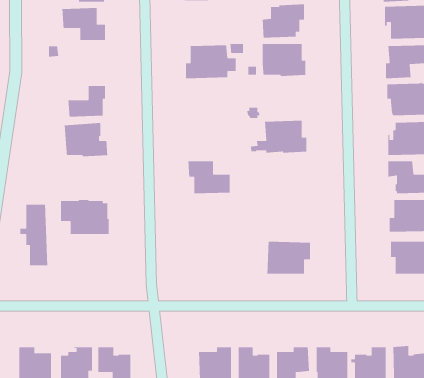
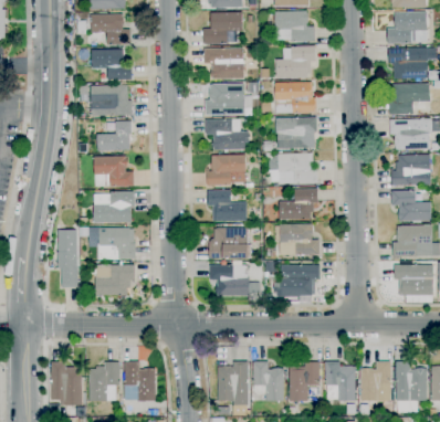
building: none -> [203,48,243,78]
building: none -> [91,84,132,116]
building: none -> [275,117,317,149]
building: none -> [206,118,249,149]
building: none -> [207,154,245,186]
building: none -> [280,188,318,219]
building: none -> [93,191,135,222]
building: none -> [280,223,319,255]
building: none -> [209,228,250,259]
building: none -> [95,264,135,295]
building: none -> [209,264,249,296]

